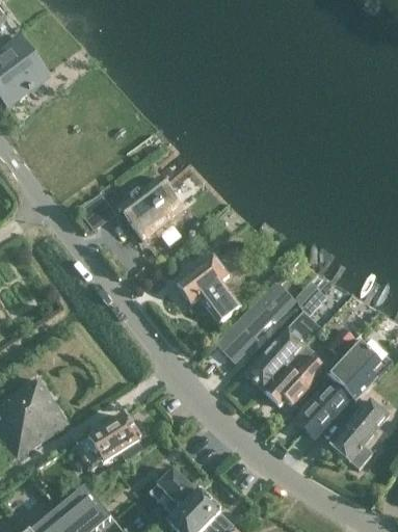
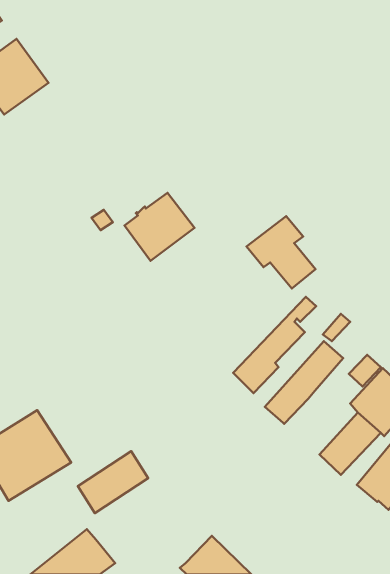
building: [178,257,241,323] -> [246,216,316,289]
building: [265,354,323,404] -> none
building: [150,469,197,516] -> none

